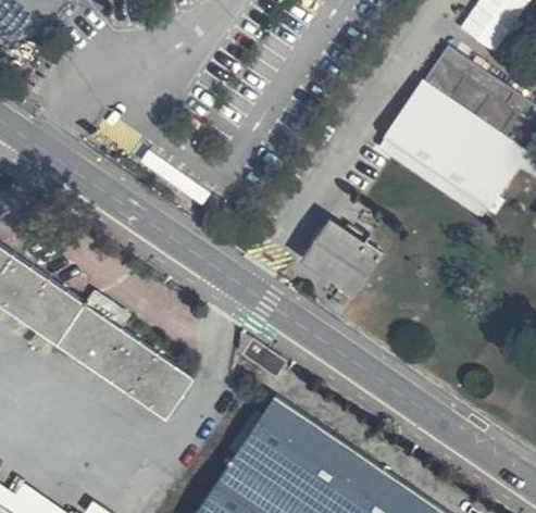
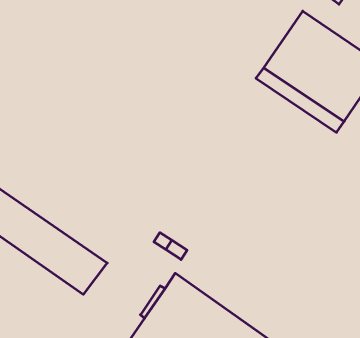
building: [312,226,390,298] -> none

